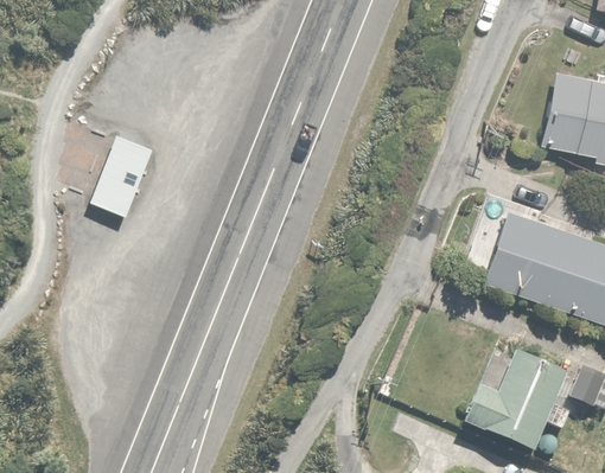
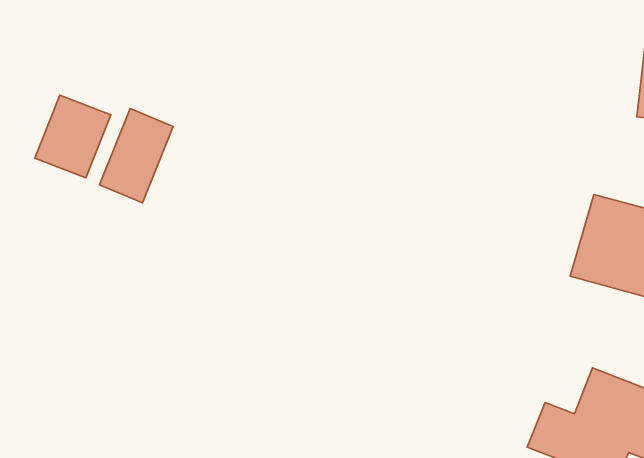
building: none -> [35,95,111,178]

